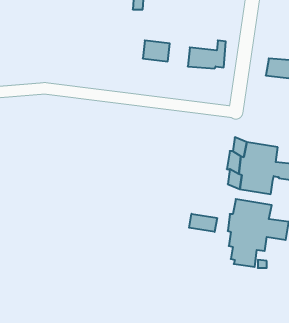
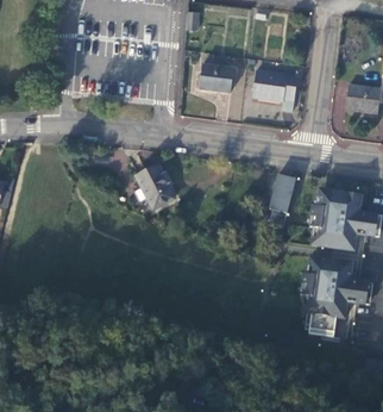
building: none -> [132,160,171,205]
building: none -> [262,169,291,210]
building: [189,214,217,232] -> none

